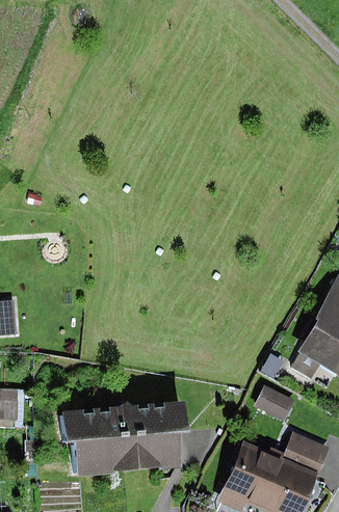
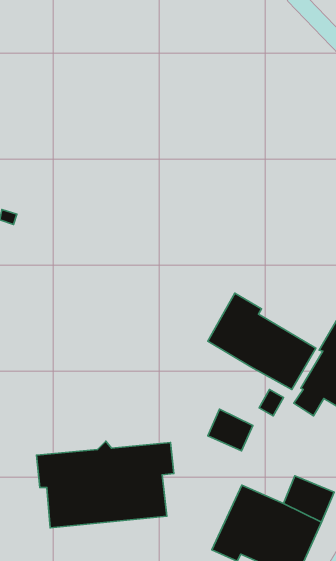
building: none -> [208,293,316,389]
building: [257,381,297,419] -> [208,409,253,451]

